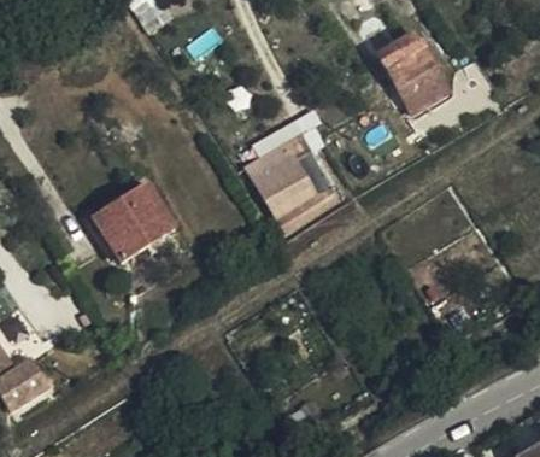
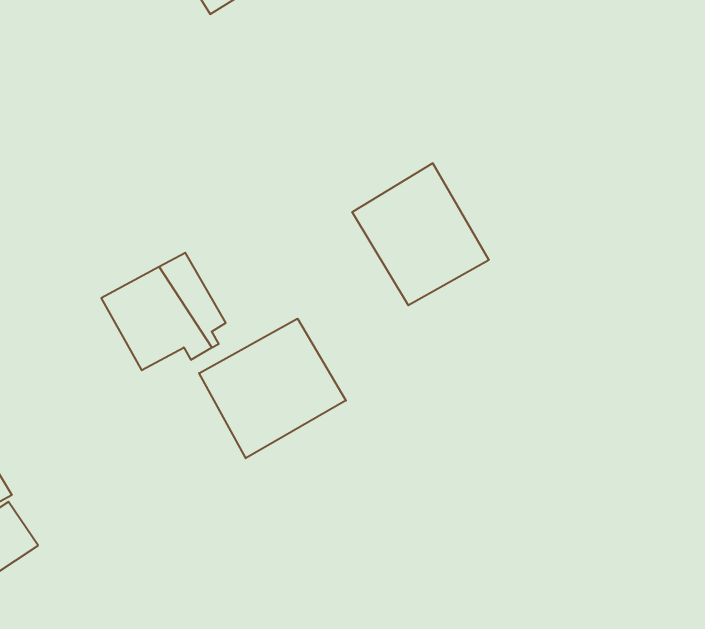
building: [377,22,452,105] -> none
building: none -> [199,319,346,458]

